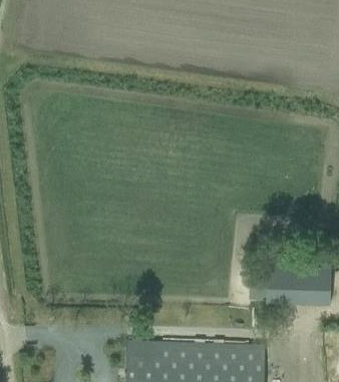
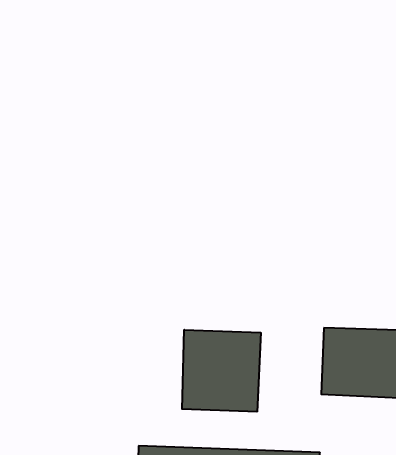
building: none -> [182,330,261,412]

